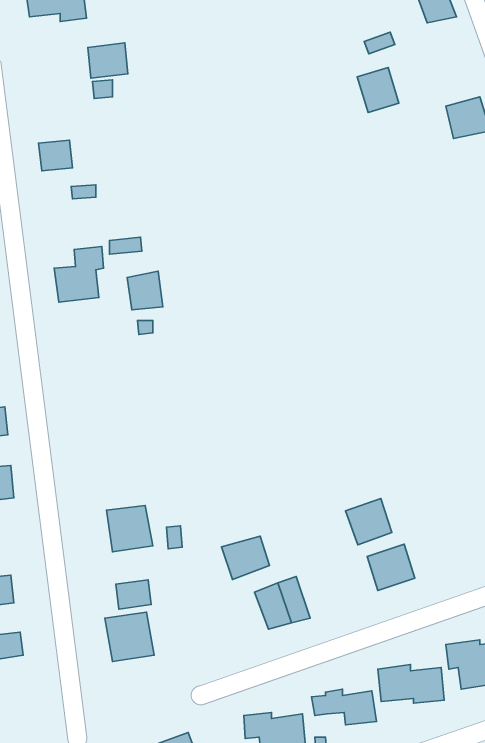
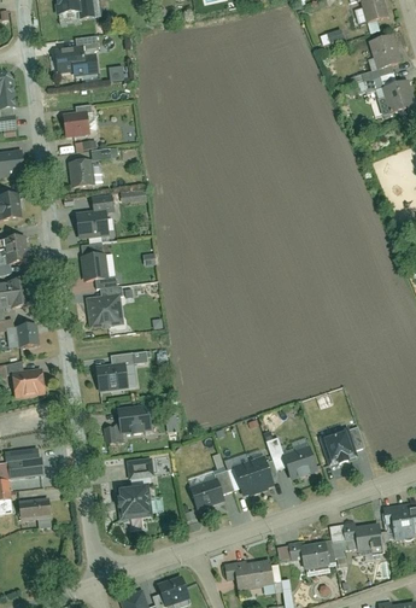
building: [88,43,128,78] -> [55,46,87,74]
building: [357,68,399,112] -> [370,33,403,68]
building: none -> [68,160,95,189]
building: [127,271,163,310] -> [81,250,109,280]
building: none -> [86,288,125,328]
building: none -> [95,362,129,392]
building: [345,499,392,545] -> [282,444,318,480]
building: [222,536,269,579] -> [189,477,227,510]

